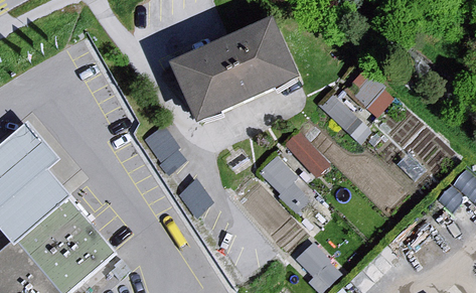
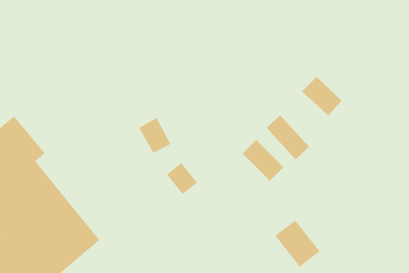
building: [162,19,296,124] -> none

